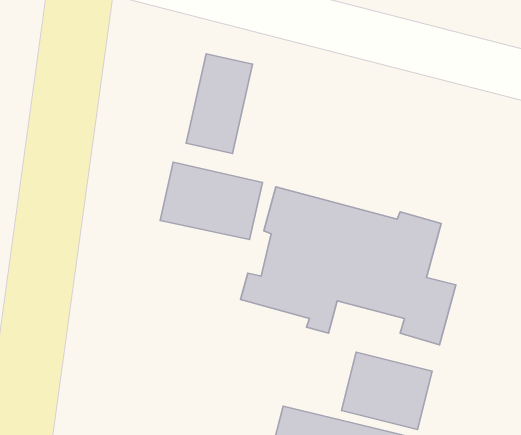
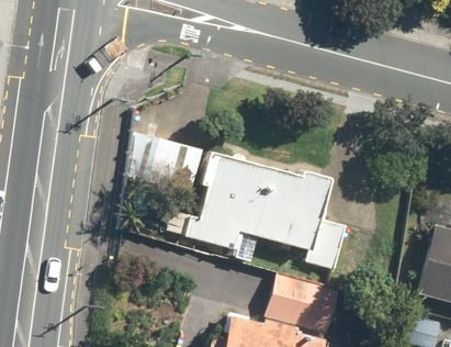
building: [186,54,253,154] -> none

